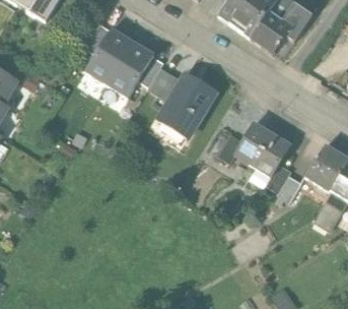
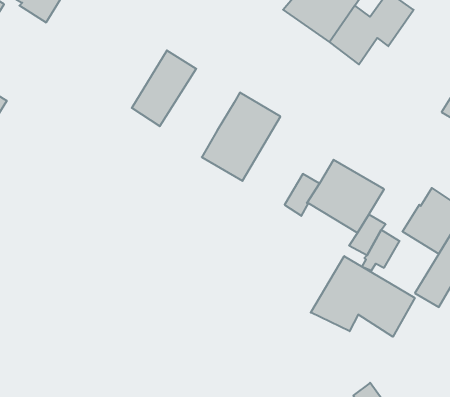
building: [86,29,133,84] -> none
building: [148,67,182,101] -> none
building: none -> [311,256,415,337]

